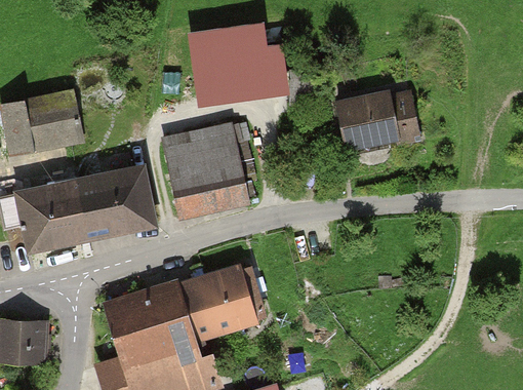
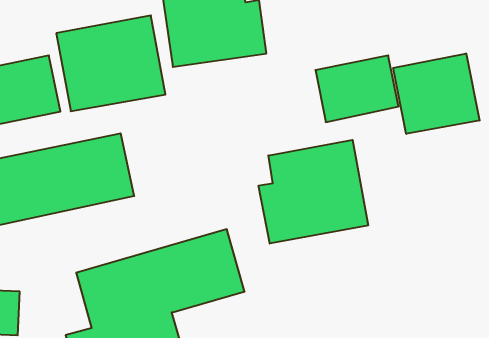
building: none -> [393,53,480,134]
building: [156,124,264,219] -> [56,15,165,111]
building: none -> [259,140,368,244]

